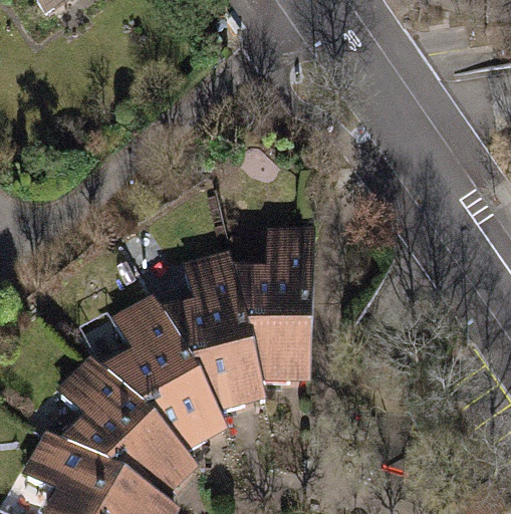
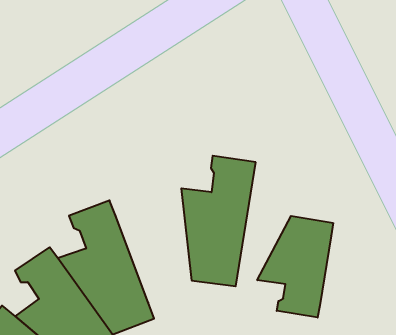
building: [163,258,261,409] -> none
building: none -> [257,216,333,318]

